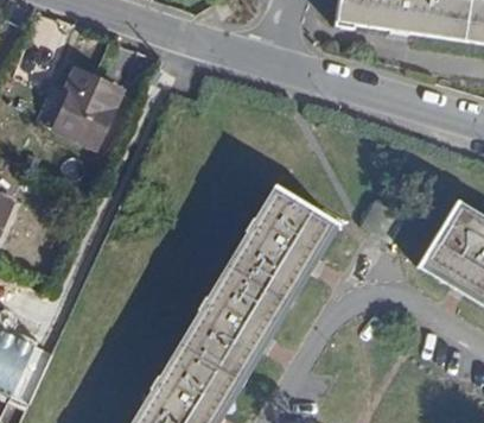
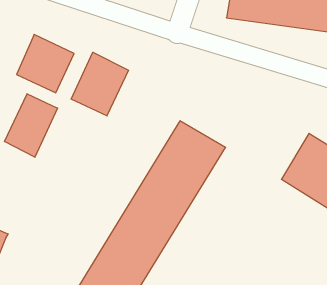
building: none -> [71,52,128,116]
building: none -> [5,94,58,157]

